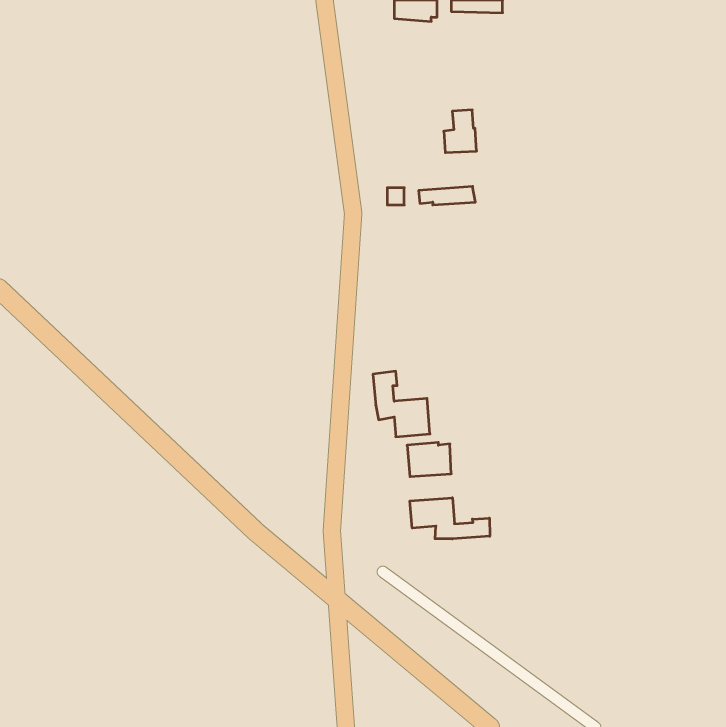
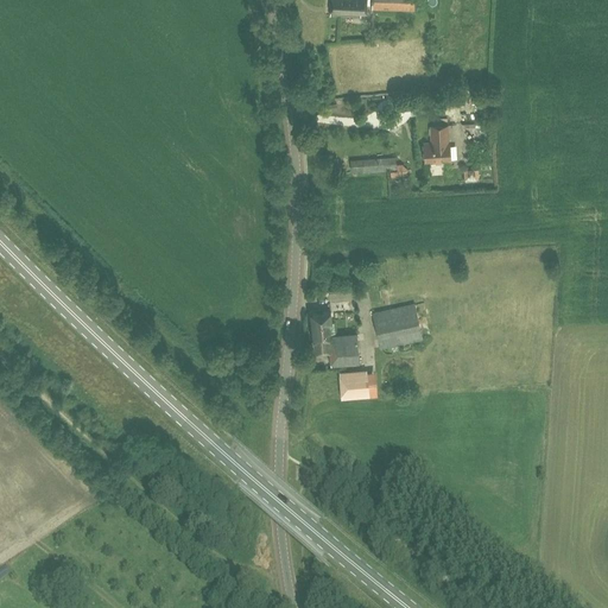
building: [444,110,477,153] -> [423,125,450,160]
building: none -> [372,303,422,347]
building: [410,498,490,539] -> none

